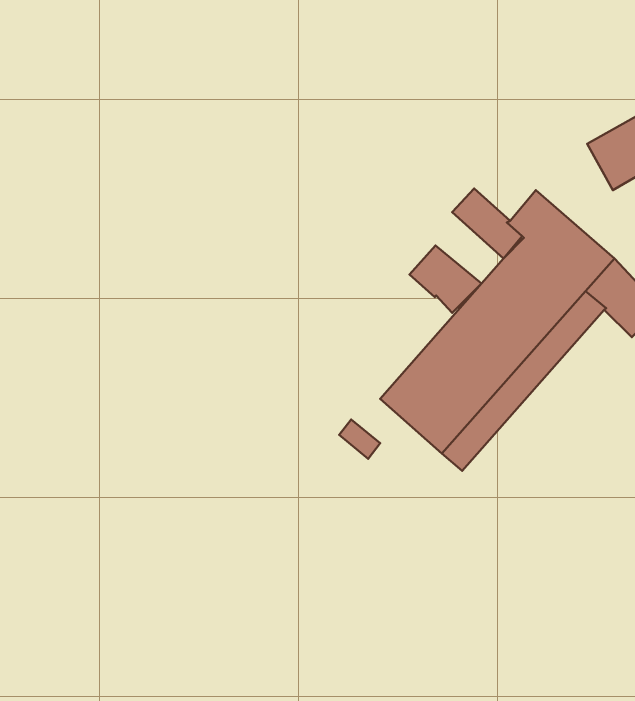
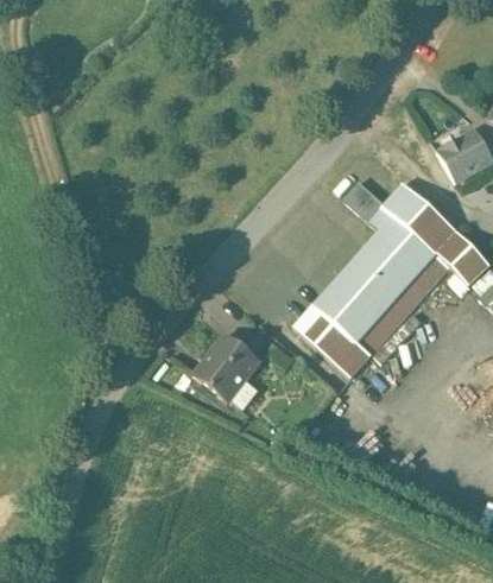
building: [409,245,481,313] -> none
building: none -> [192,334,260,403]

